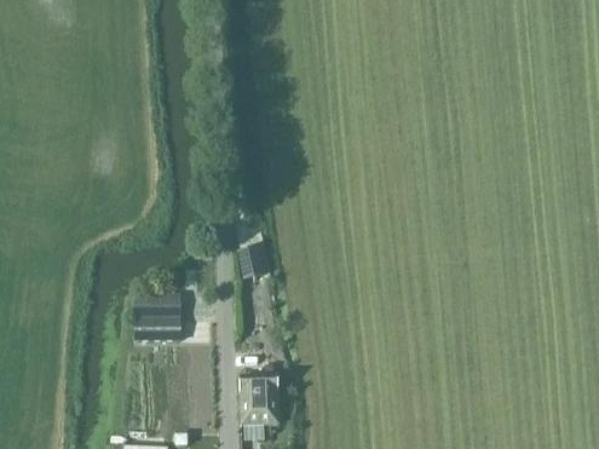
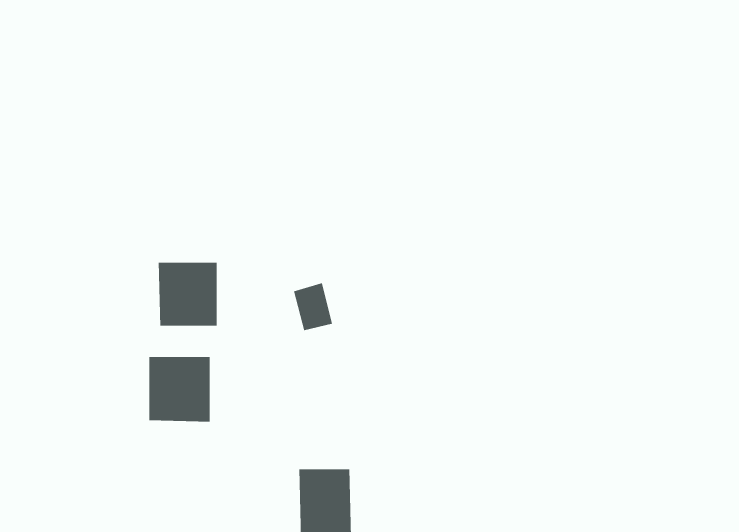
building: none -> [158,262,217,326]

